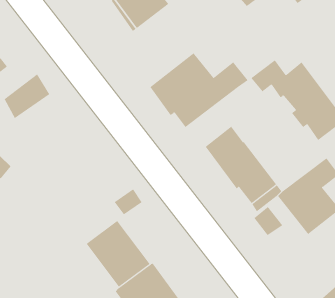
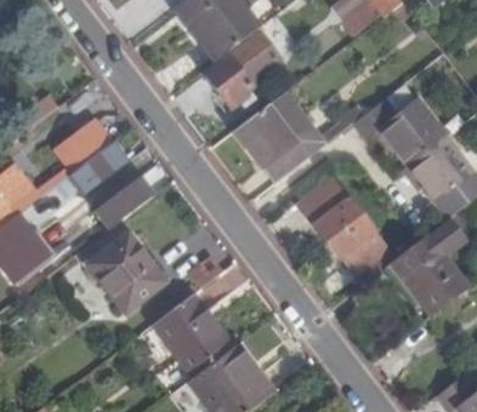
building: none -> [208,33,274,108]
building: none -> [68,141,129,194]
building: none -> [97,173,155,225]
building: none -> [90,234,166,313]

